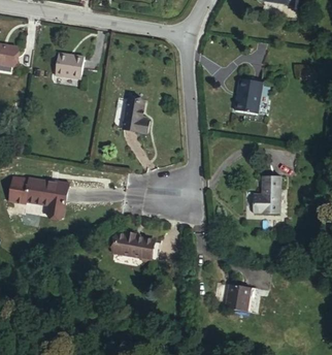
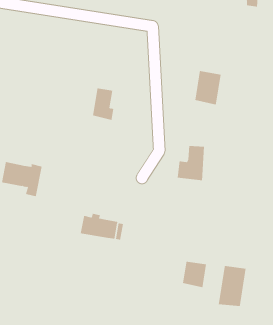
building: [56,52,85,78] -> none
building: [252,178,281,216] -> [177,145,205,181]
building: none -> [218,265,246,307]

